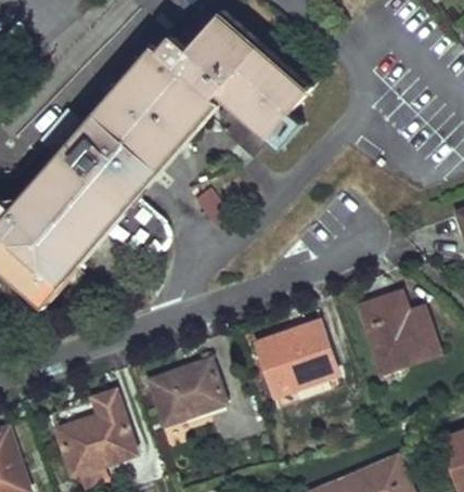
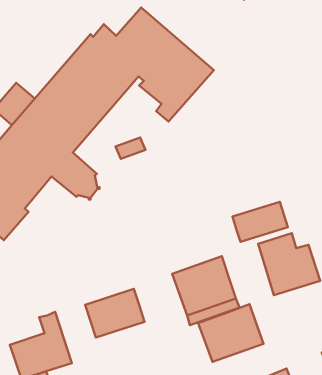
building: none -> [232,202,288,242]
building: none -> [198,304,264,362]

